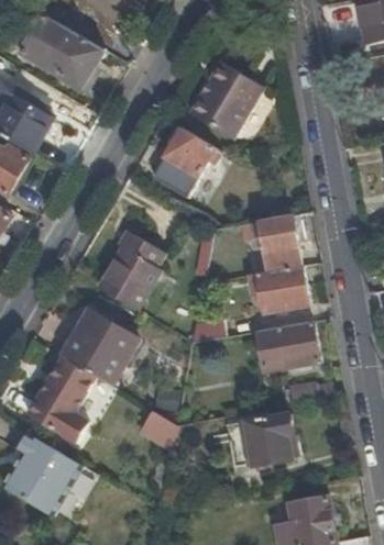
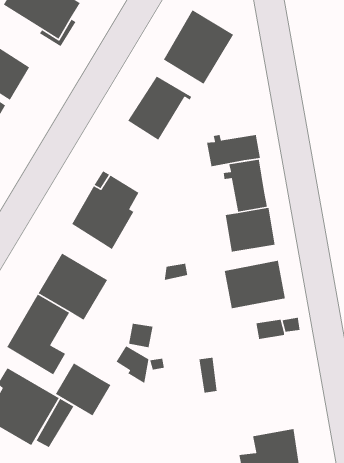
building: none -> [206,134,261,167]
building: [245,412,294,466] -> none
building: none -> [55,362,112,417]

